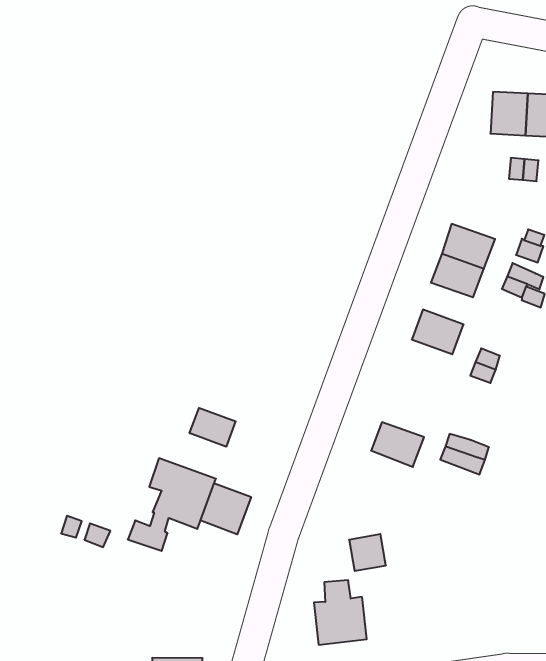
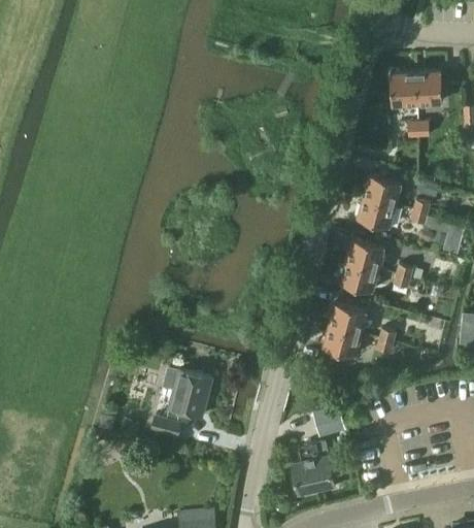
building: none -> [341,263,378,293]
building: none -> [331,303,368,334]
building: [190,408,236,447] -> none
building: [200,483,251,534] -> none

